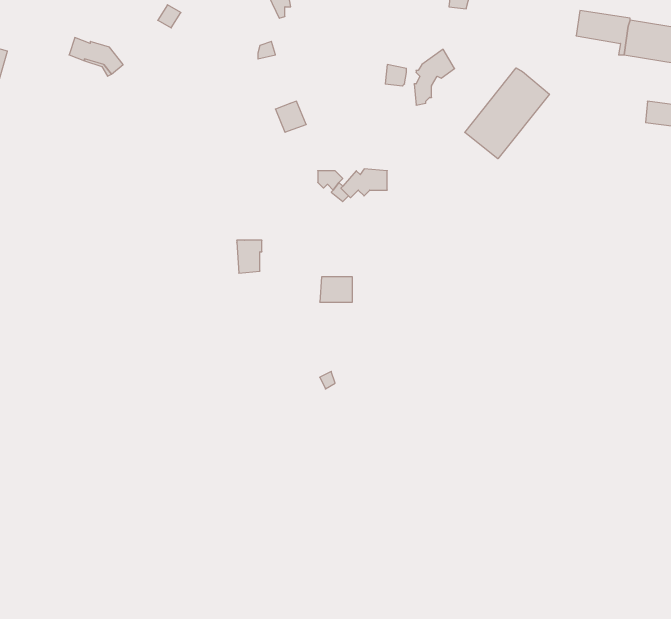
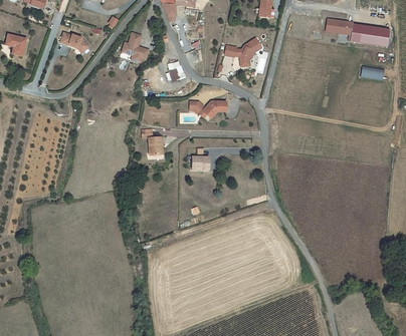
building: none -> [124,33,149,63]
building: [465,68,549,159] -> none

